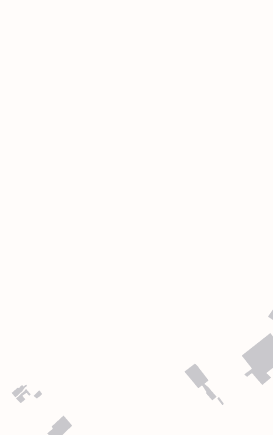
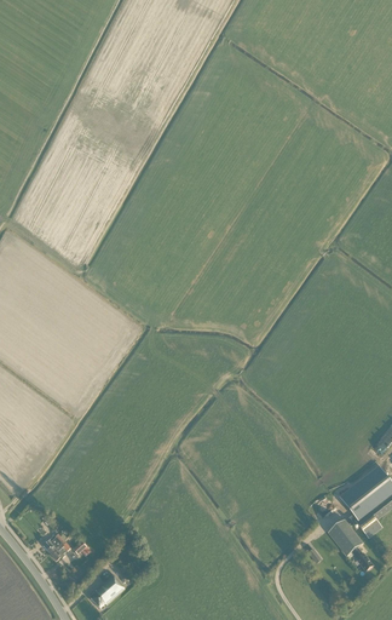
building: [183,362,218,402] -> [328,518,373,569]

